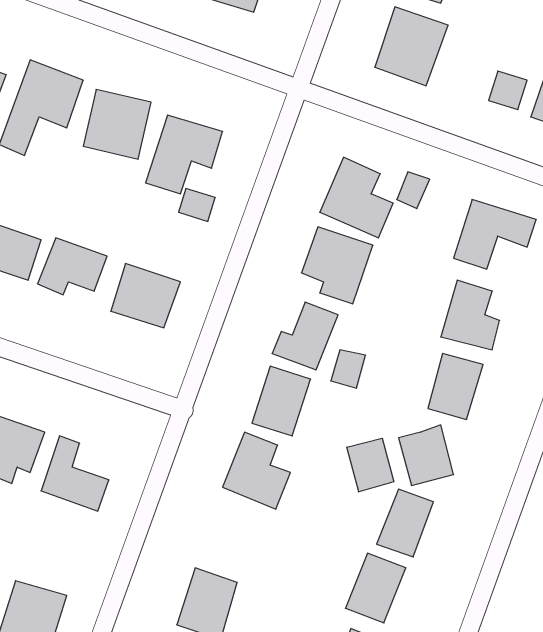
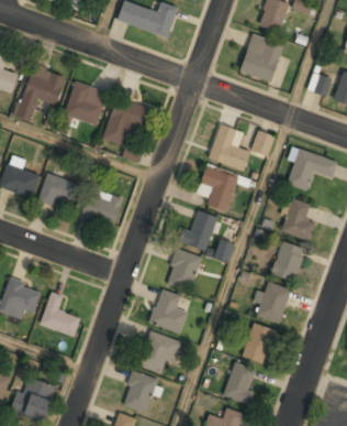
building: [347,438,394,492] -> none
building: none -> [138,332,181,373]

